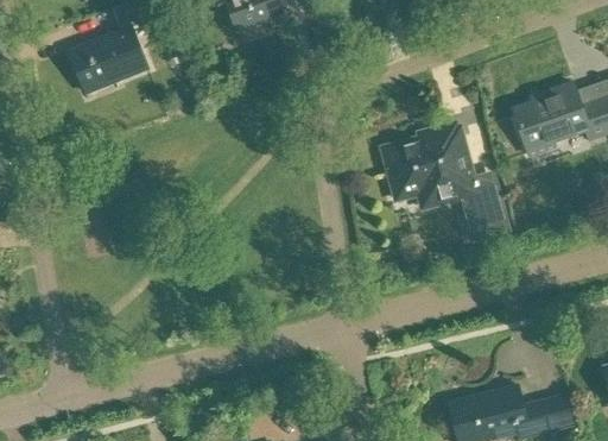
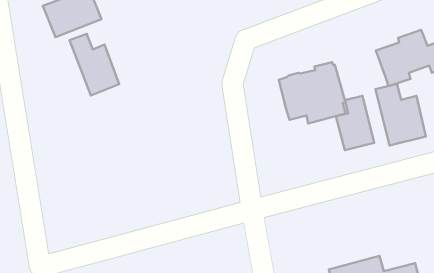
building: none -> [70,34,119,95]
building: none -> [376,84,426,146]

